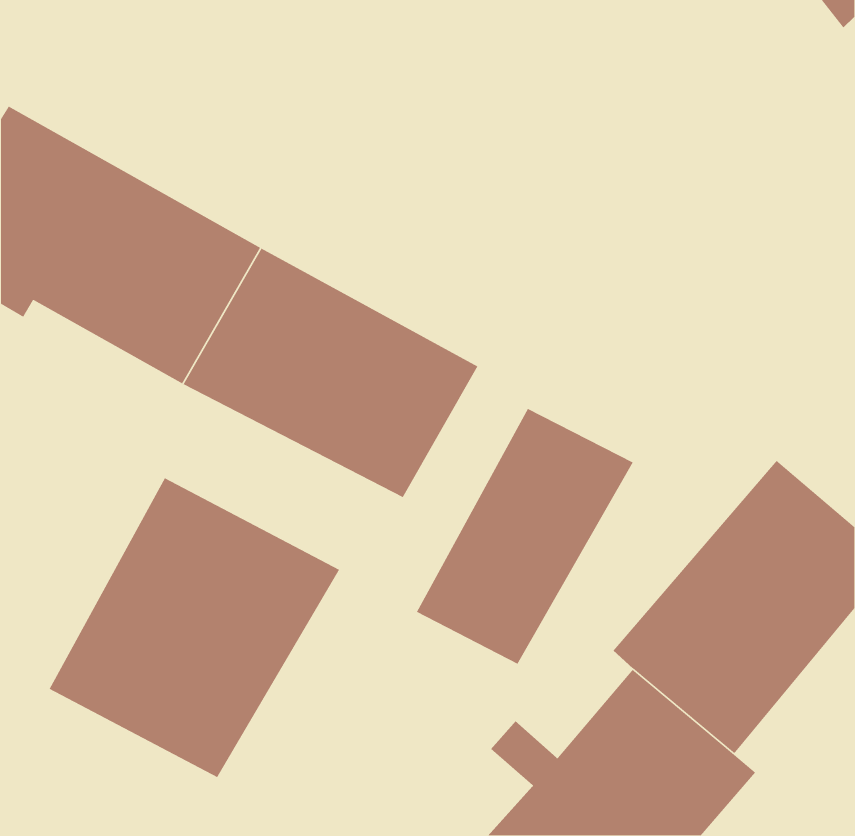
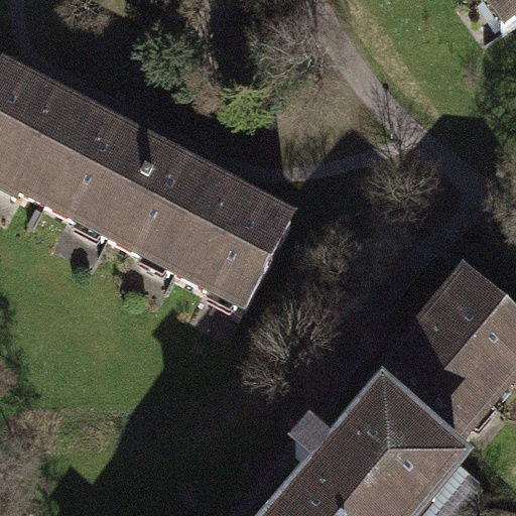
building: [416,408,634,665] -> none
building: [49,477,340,778] -> none

